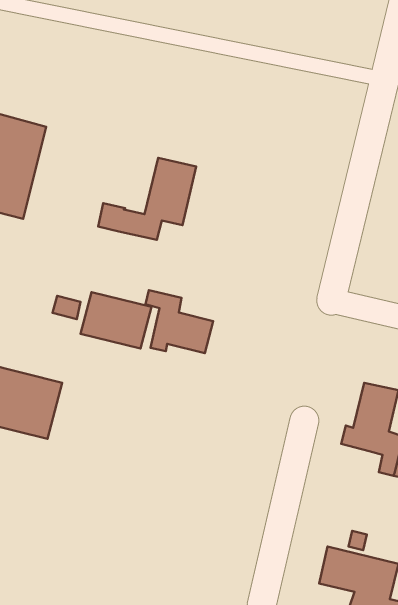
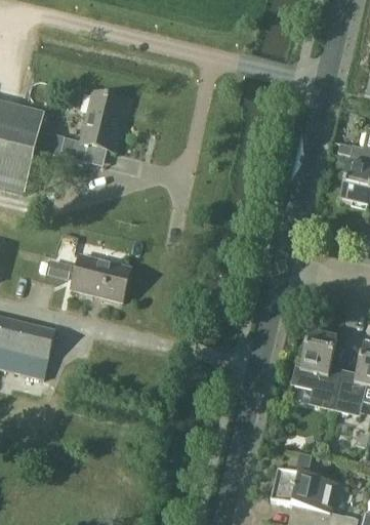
building: [98,158,196,240] -> [42,93,124,162]
building: [145,290,213,353] -> none

